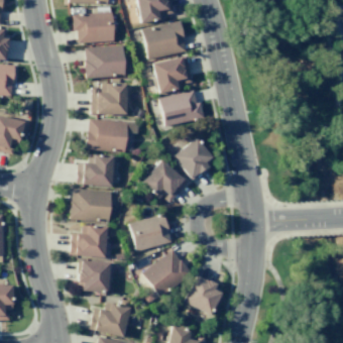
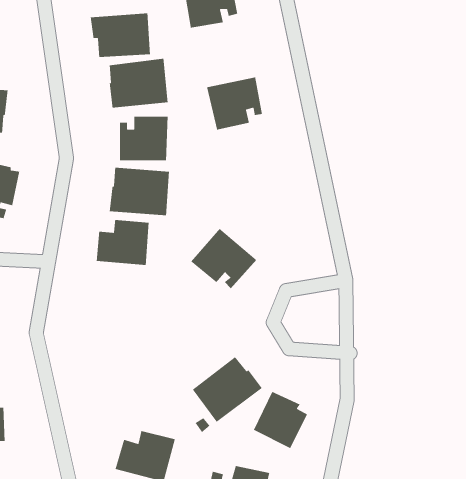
building: [143,21,187,60] -> none
building: [160,91,205,127] -> none
building: [175,138,215,181] -> none
building: [70,188,113,222] -> none
building: [130,213,173,251] -> none
building: [71,225,108,257] -> none
building: [79,260,111,293] -> none

